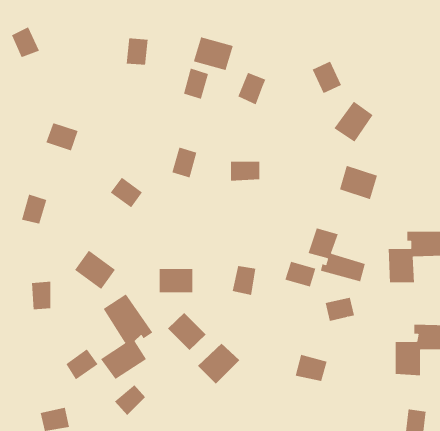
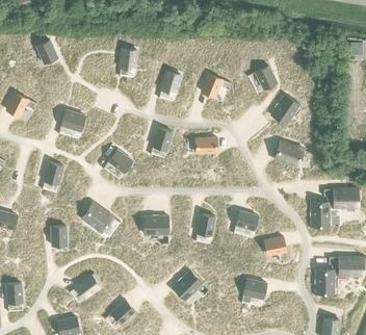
building: [193,37,234,71] -> none
building: [308,228,366,282] -> none
building: [100,294,153,380] -> none
building: [167,312,206,351] -> none

